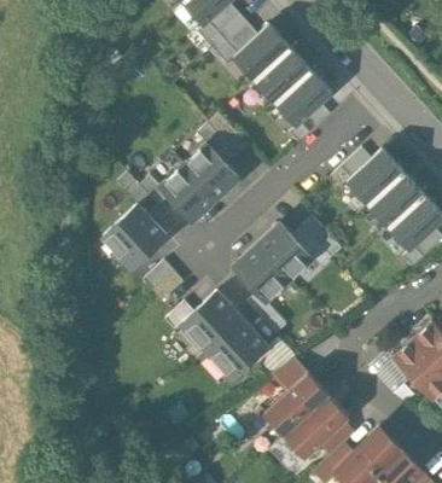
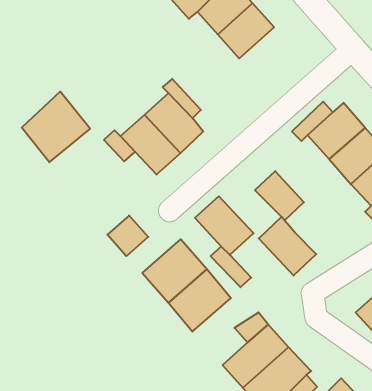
building: [277,72,331,124] -> none
building: [98,198,167,269] -> [22,92,90,162]
building: [256,221,314,280] -> [259,217,316,276]

